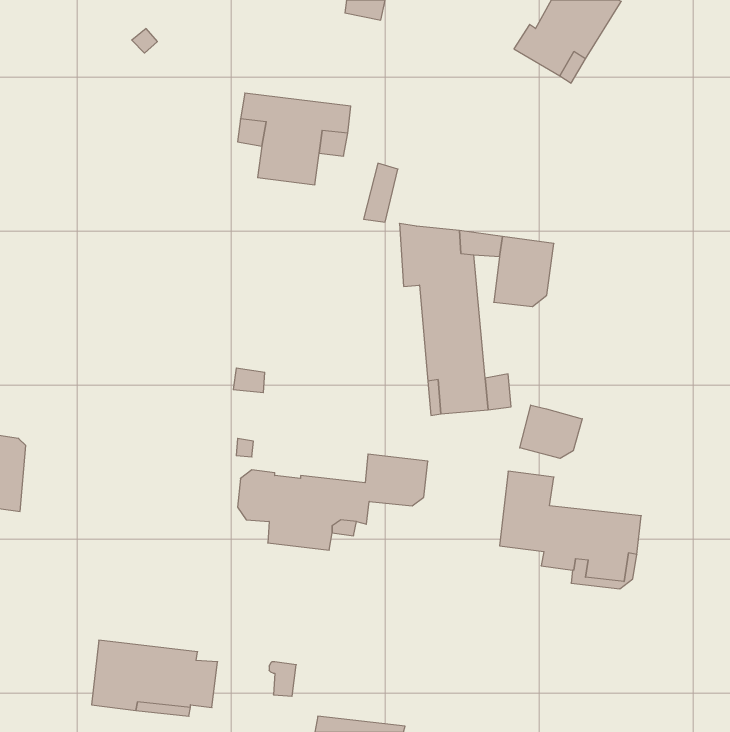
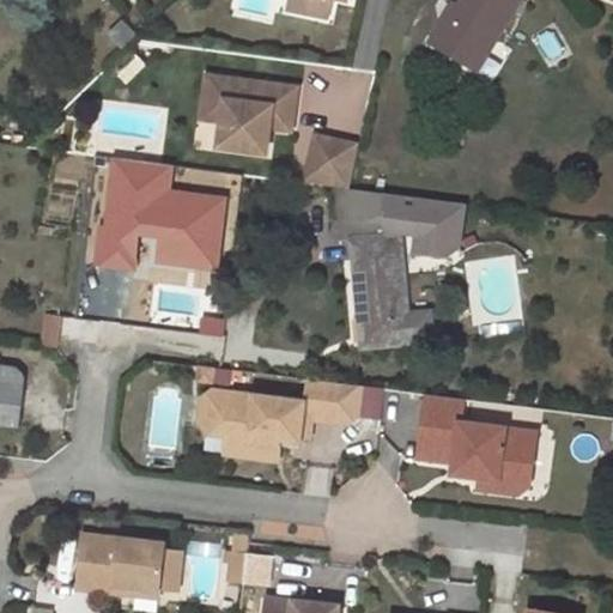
building: none -> [322,141,358,189]
building: none -> [87,148,230,266]
building: [520,405,582,458] -> none

